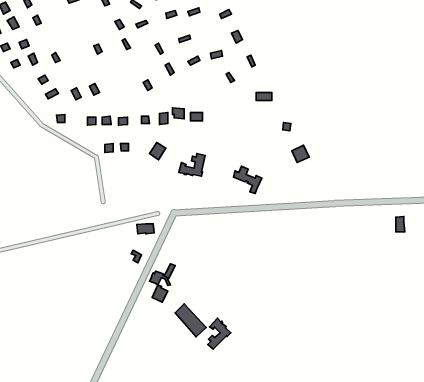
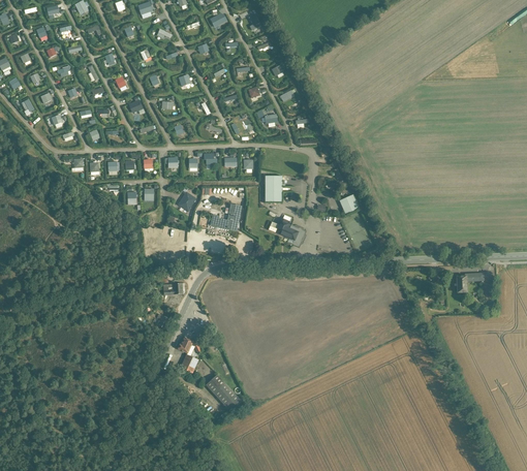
building: none -> [265,176,282,200]
building: [208,318,231,349] -> none

